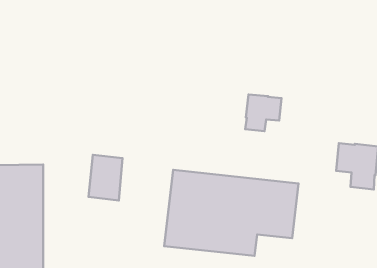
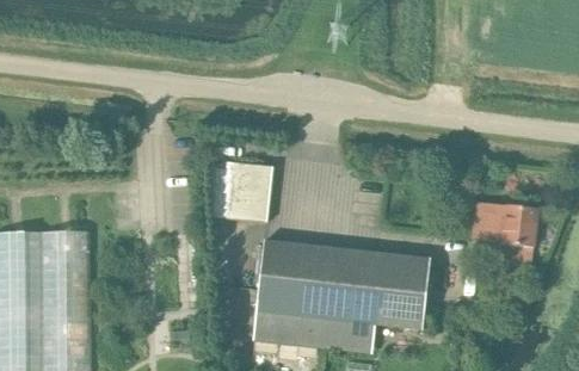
building: [245,94,281,131] -> none
building: [88,155,122,200] -> [226,161,271,222]

